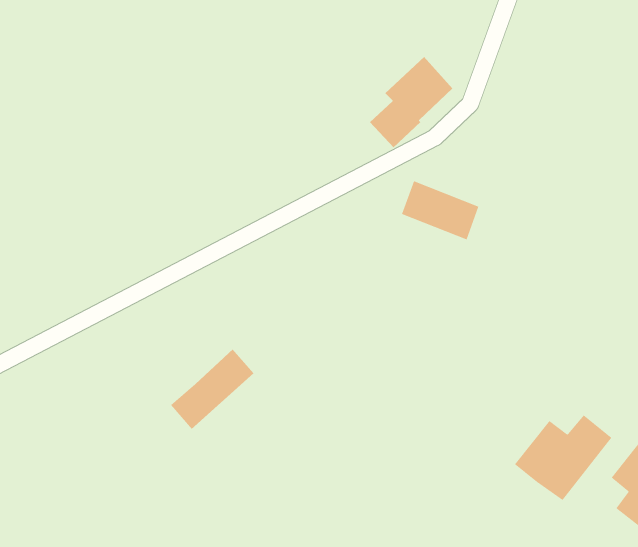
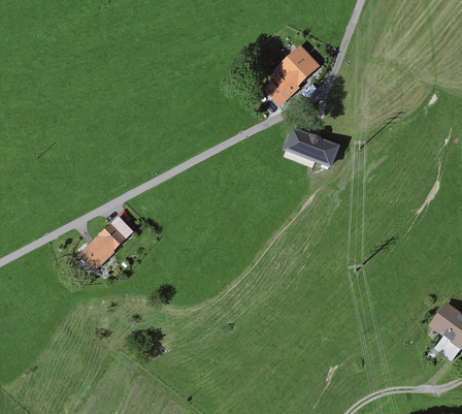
building: [170,349,254,430] -> [76,216,133,270]
building: [514,415,612,501] -> none

